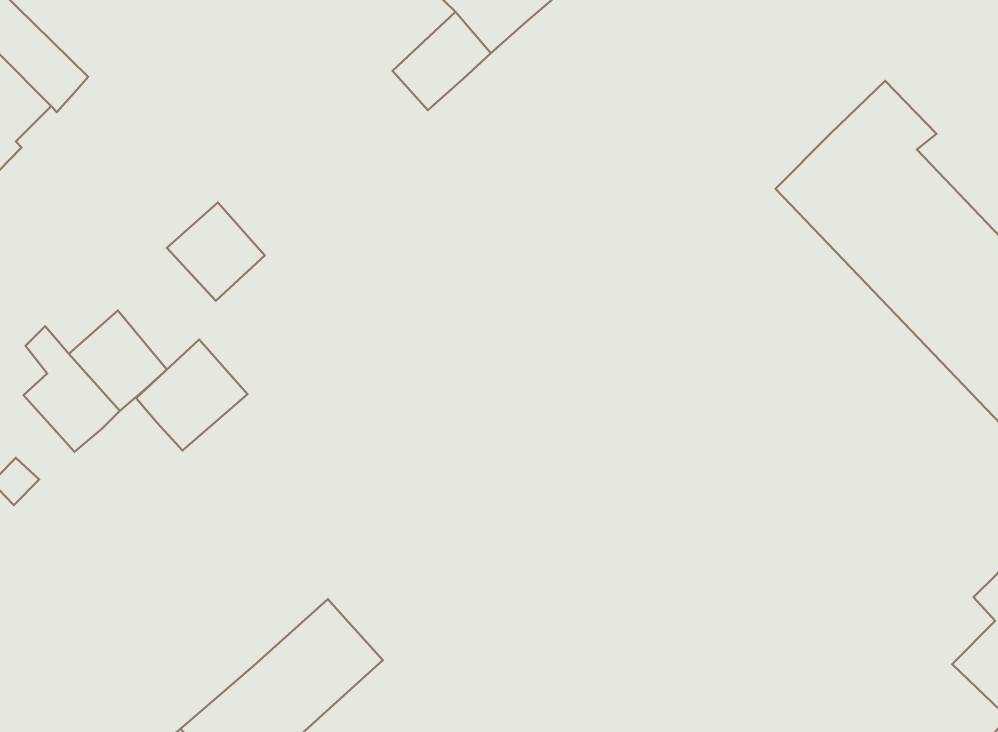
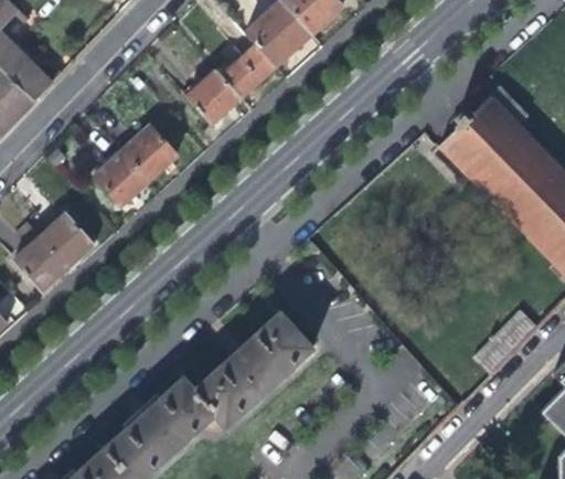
building: none -> [188,71,243,126]
building: none -> [125,126,179,181]
building: [136,339,247,451] -> none
building: none -> [472,310,536,374]
building: none -> [196,311,310,421]

